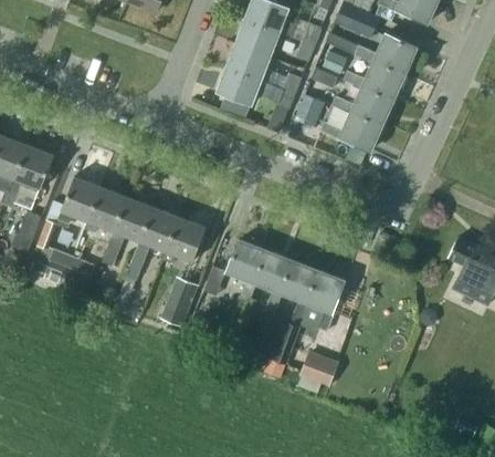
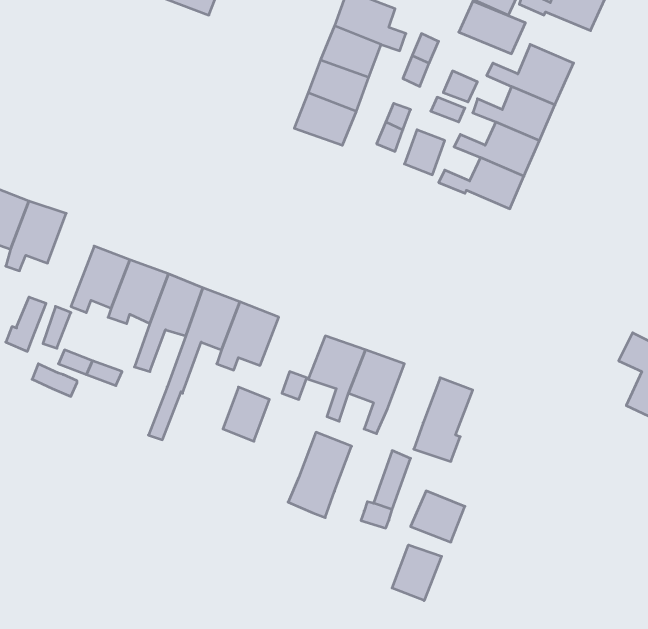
building: [275,261,320,322] -> [288,432,352,518]
building: none -> [392,545,442,601]

